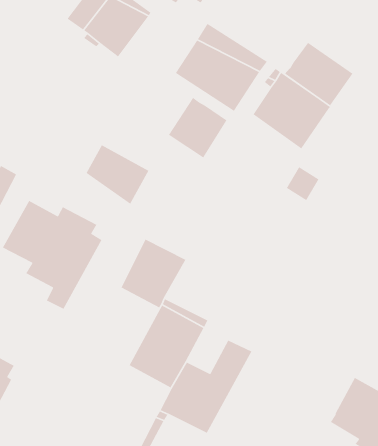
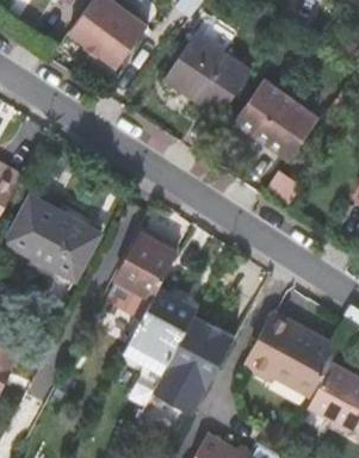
building: [284,42,354,106] -> none
building: [168,97,228,158] -> none
building: [86,144,150,205] -> none
building: none -> [242,311,340,397]

